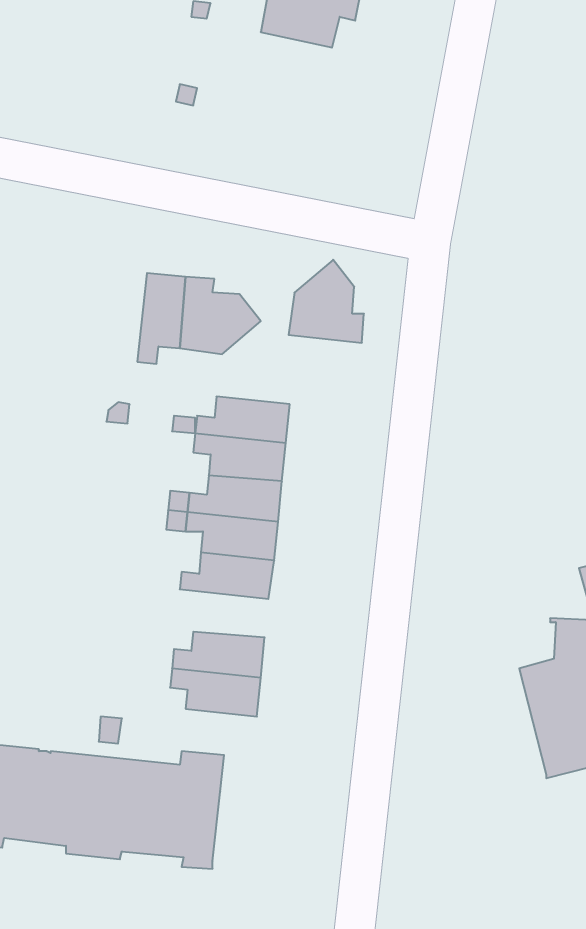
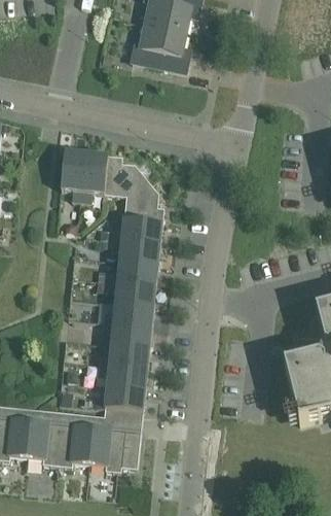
building: none -> [132,25,190,73]
building: [289,260,364,343] -> [123,179,163,223]
building: none -> [61,150,86,201]
building: none -> [103,322,151,348]
building: none -> [96,386,145,412]
building: none -> [121,431,141,469]

